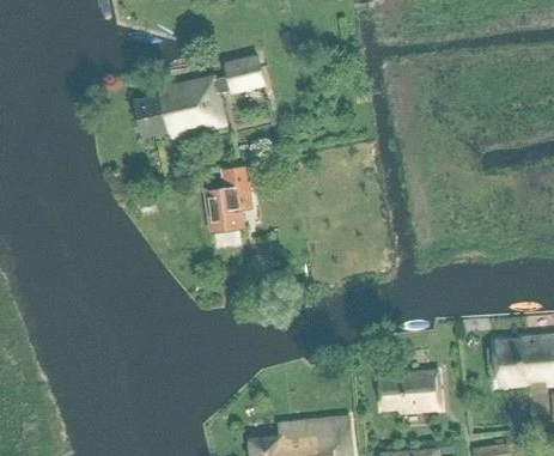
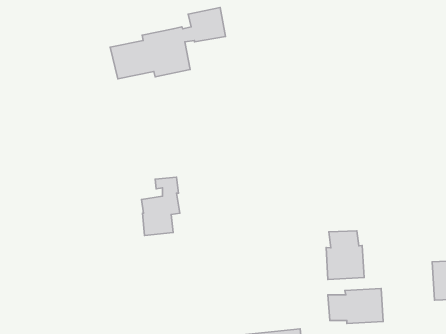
building: [206,165,249,231] -> [141,177,180,236]
building: none -> [326,231,364,279]

